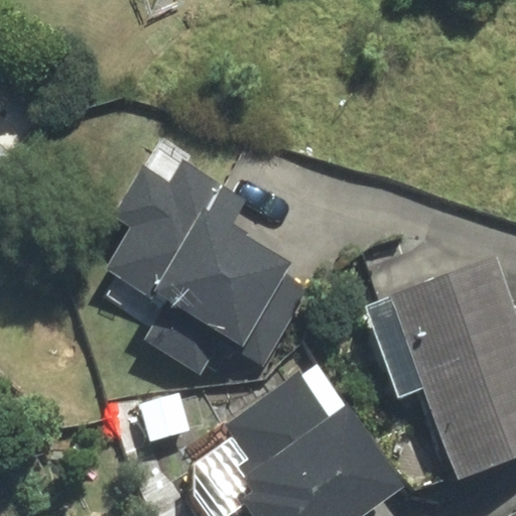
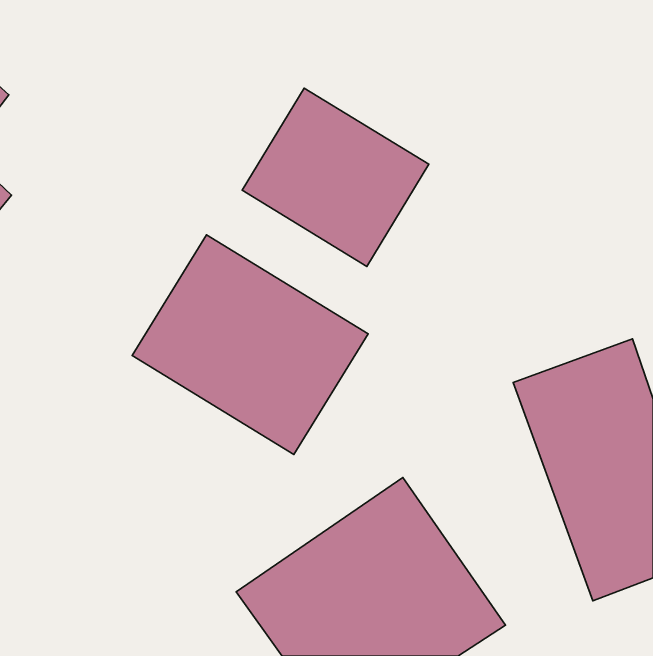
building: none -> [242,88,429,267]

